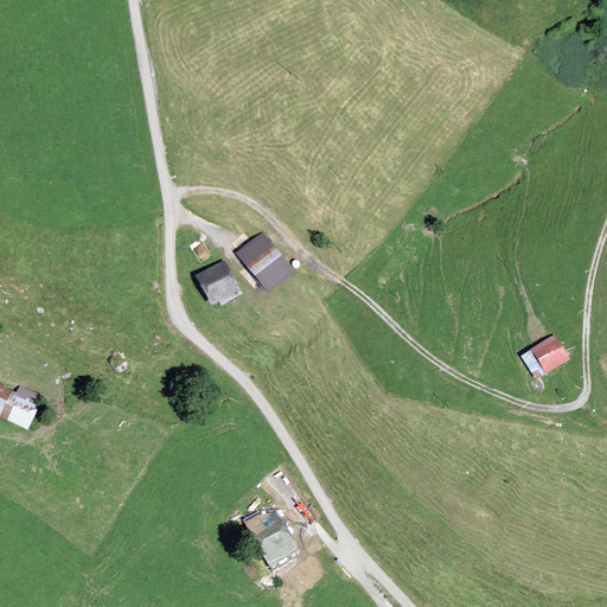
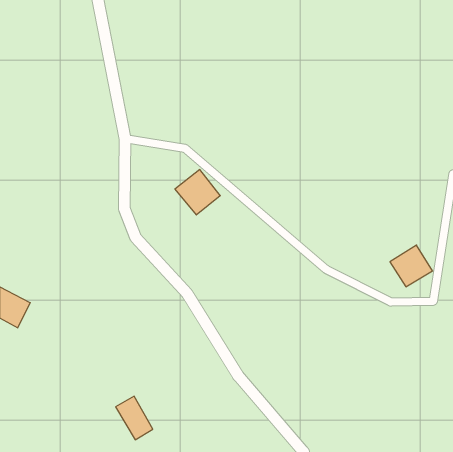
building: [194,260,241,308] -> none
building: [249,511,299,569] -> [116,396,153,440]

